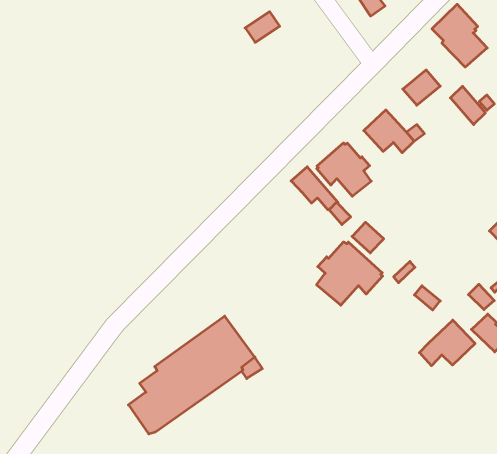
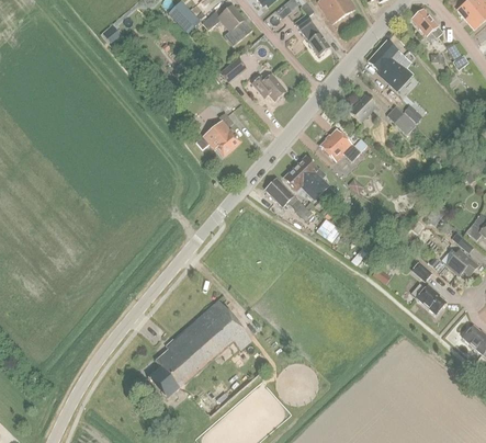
building: none -> [250,73,286,102]
building: none -> [195,120,240,156]
building: [317,242,383,305] -> none
building: [419,320,475,366] -> none

